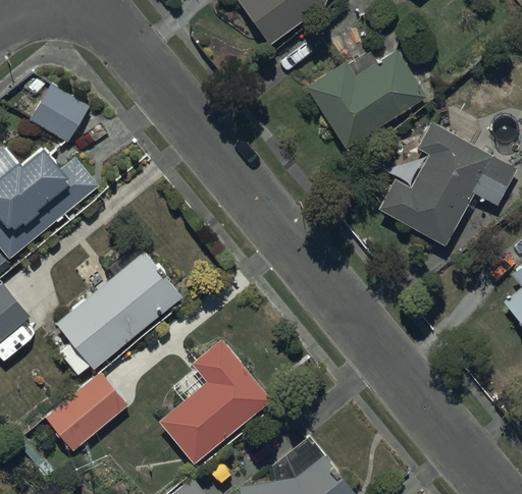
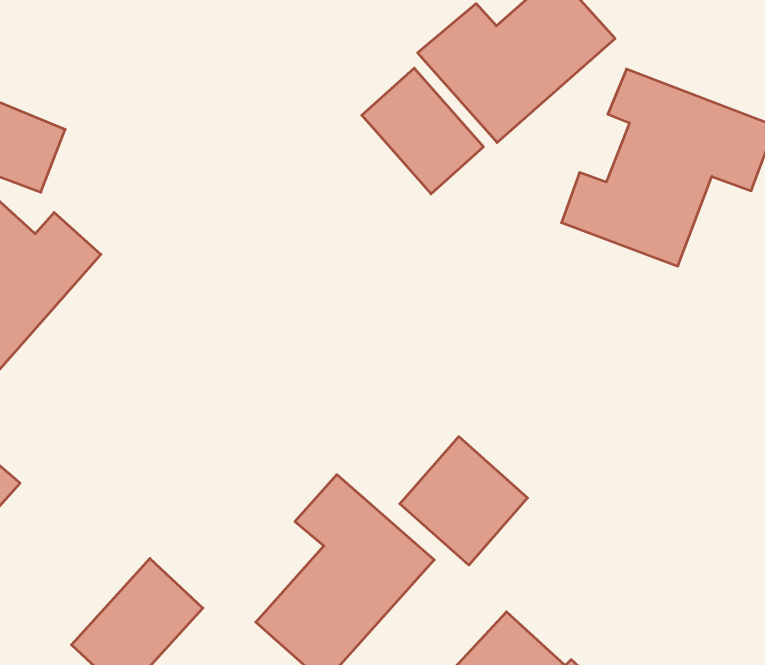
building: none -> [362,68,483,194]
building: [56,250,182,374] -> none
building: none -> [400,437,528,565]

